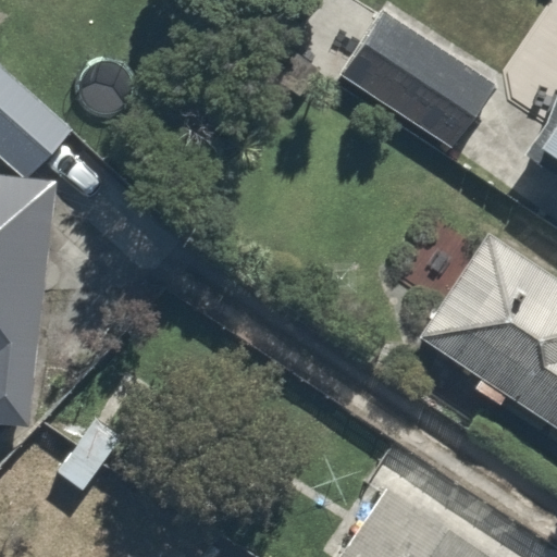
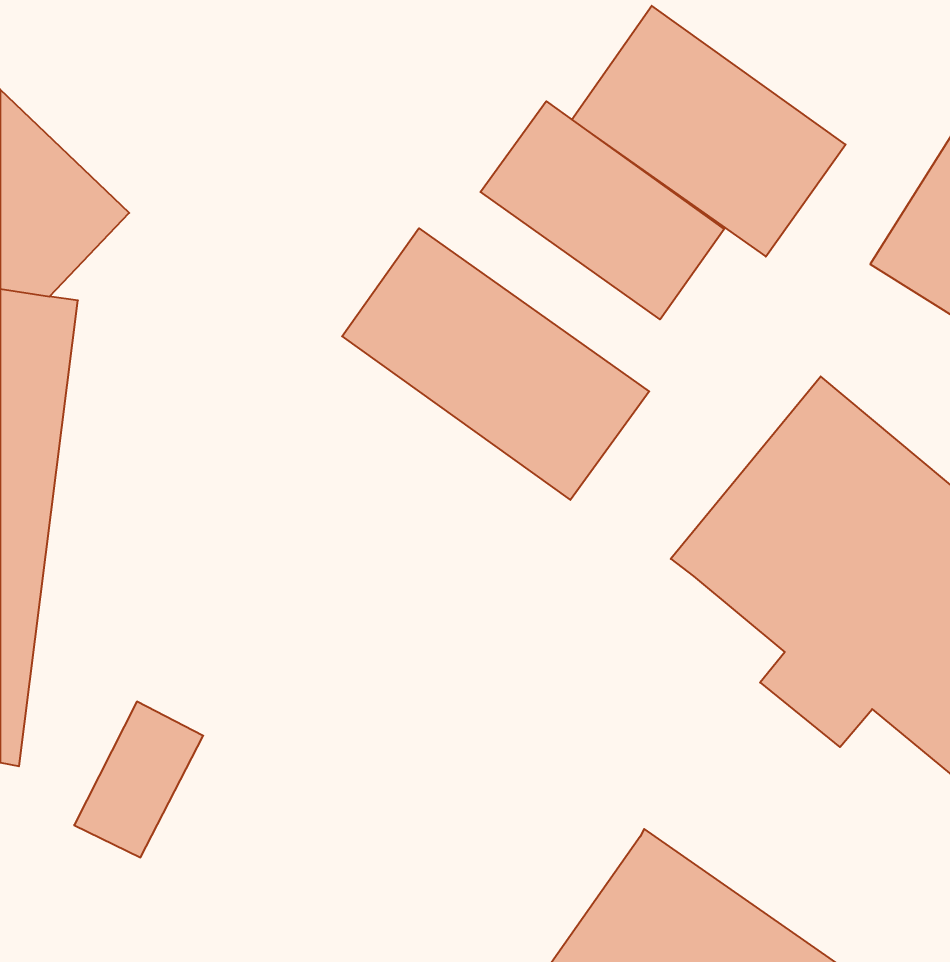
building: none -> [480,101,724,319]
building: none -> [342,228,649,500]

